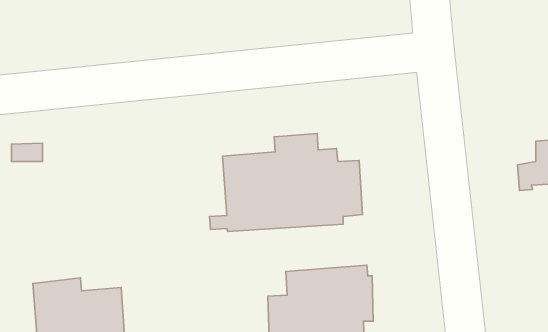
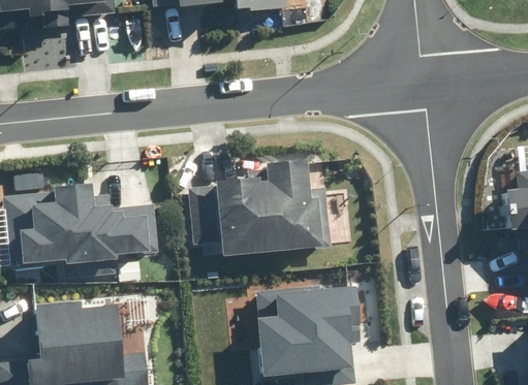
building: none -> [5,186,159,262]

